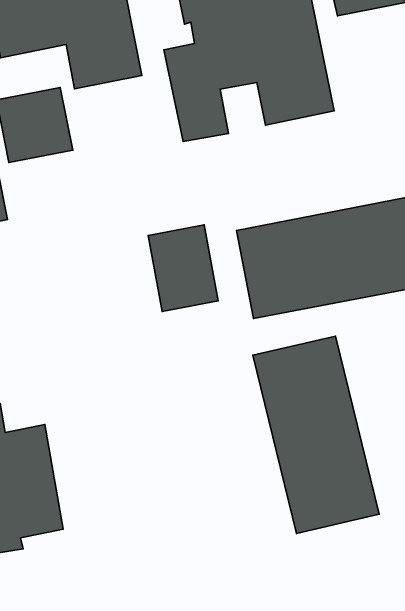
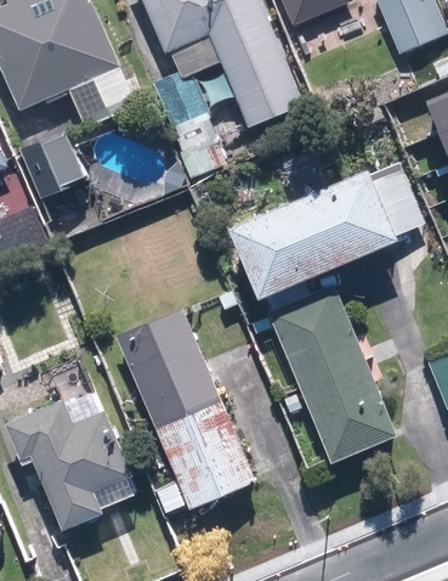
building: [148,225,218,311] -> none
building: none -> [114,306,253,507]

